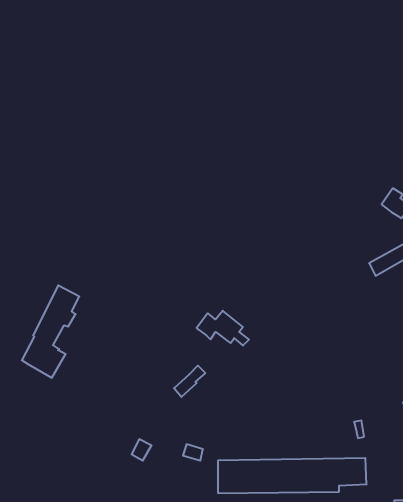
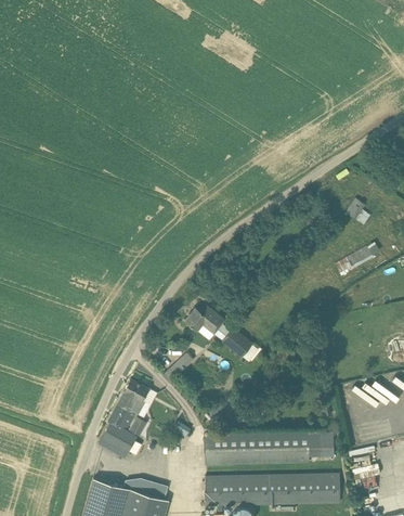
building: [22,285,79,378] -> [99,377,148,457]
building: none -> [221,326,252,357]

